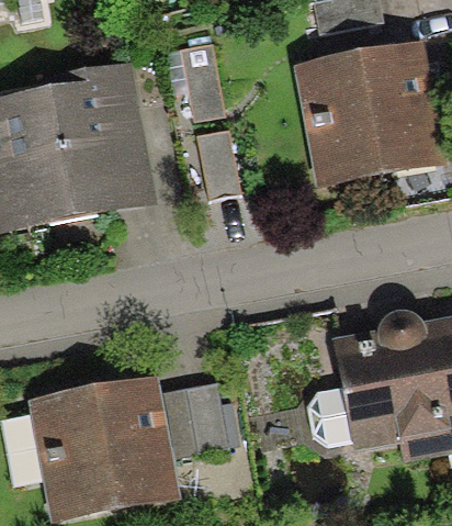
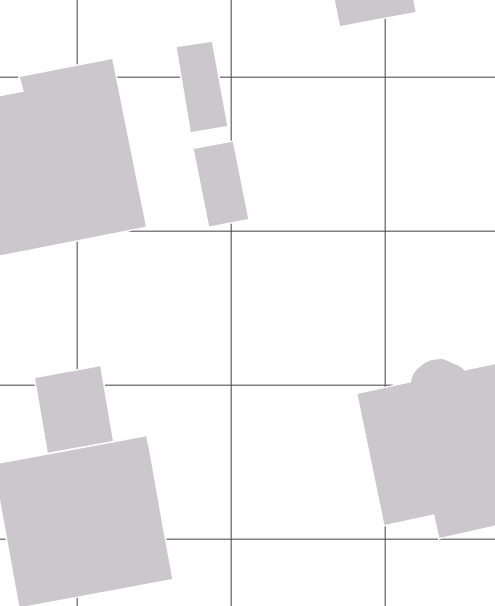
building: [293,41,443,187] -> none
building: [161,381,228,455] -> [34,366,114,453]

